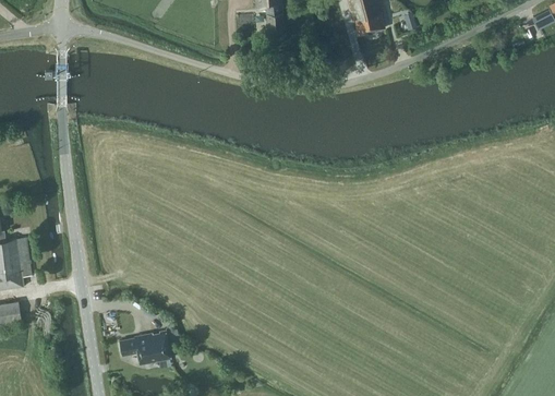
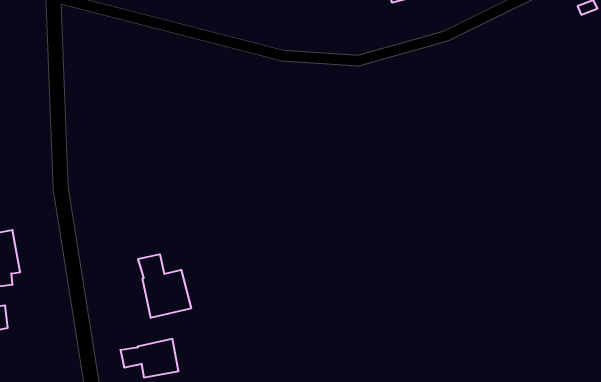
building: none -> [138,254,191,318]

